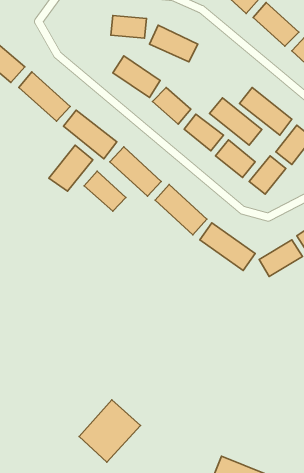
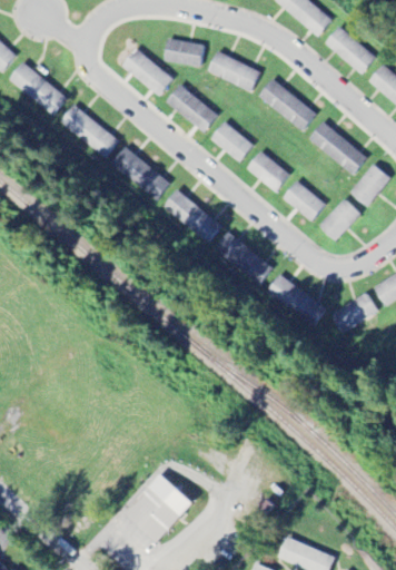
building: none -> [122,47,174,96]
building: [210,98,262,145] -> [258,77,317,130]
building: [49,145,93,191] -> none
building: [84,171,126,211] -> none

